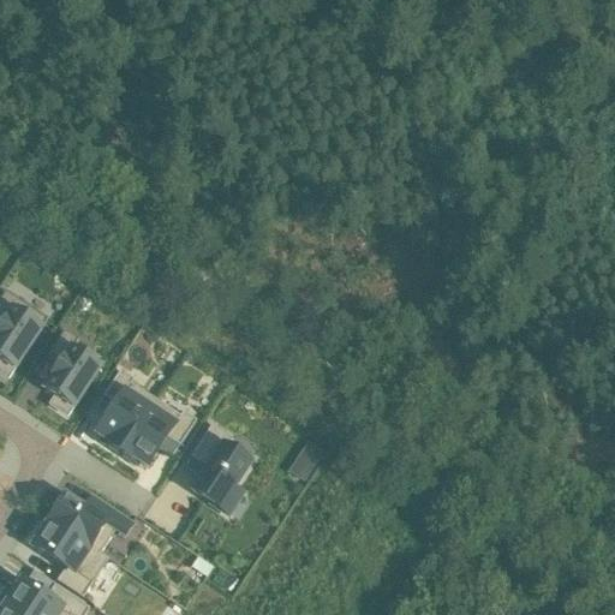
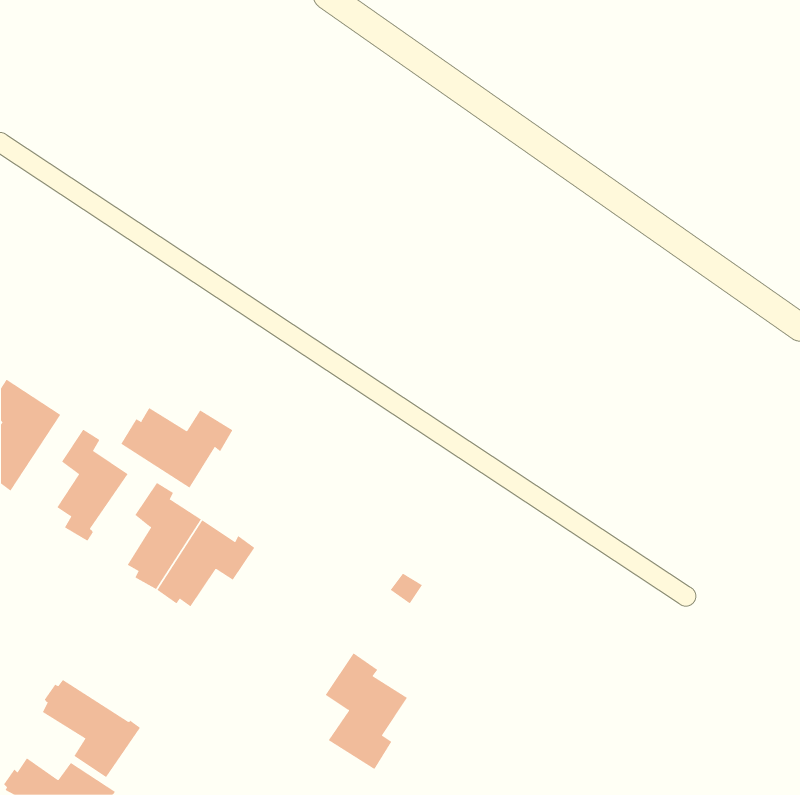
building: none -> [121,407,233,488]
building: [190,424,253,514] -> [325,653,408,770]
building: [48,496,132,554] -> none

